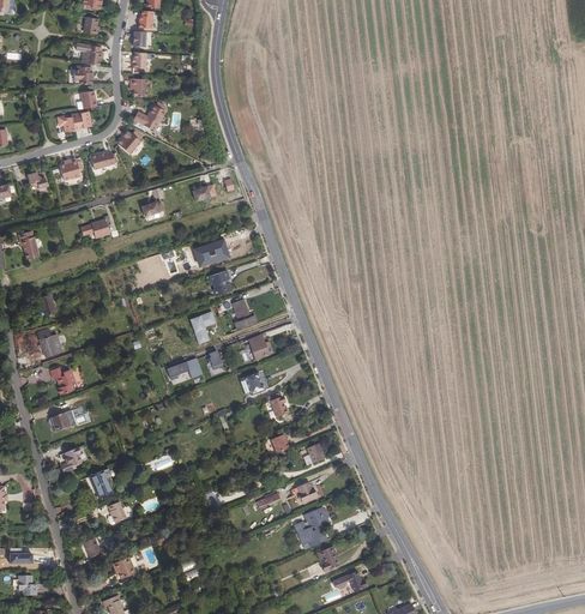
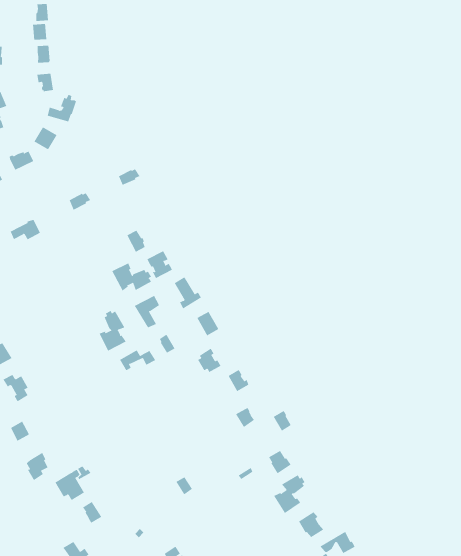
building: none -> [112,262,152,292]
building: none -> [99,310,127,351]

